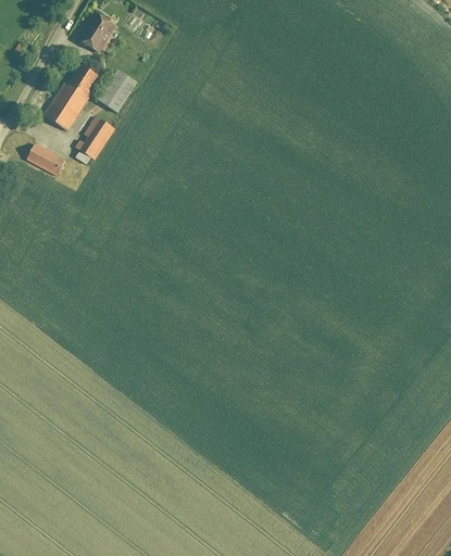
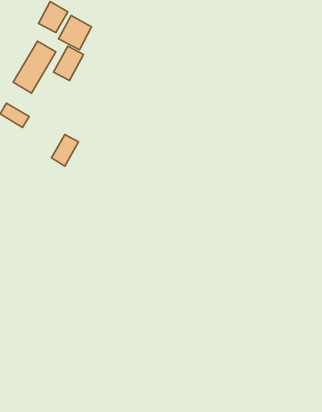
building: none -> [58,15,91,50]
building: [78,117,113,159] -> [51,134,78,166]

